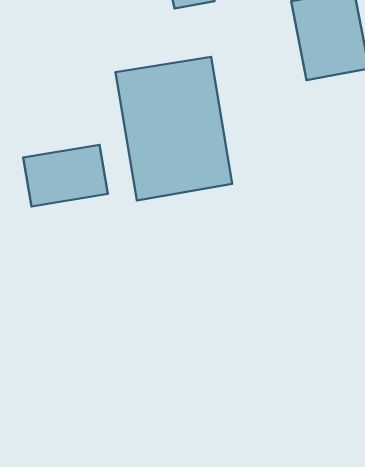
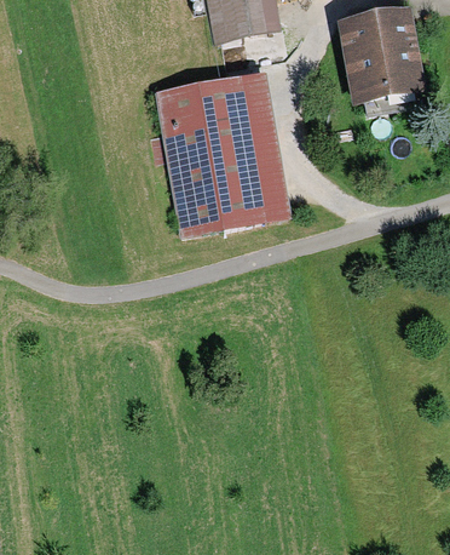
building: [23,145,108,207] -> none

